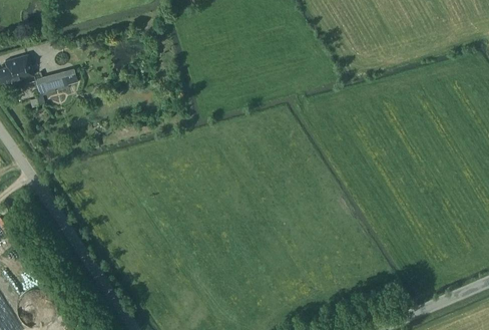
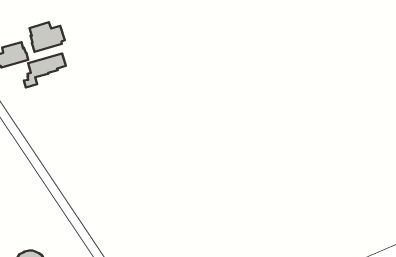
building: none -> [30,22,65,52]

